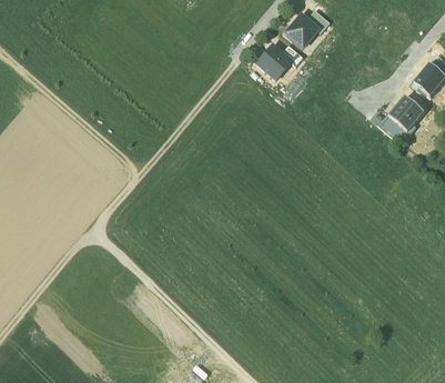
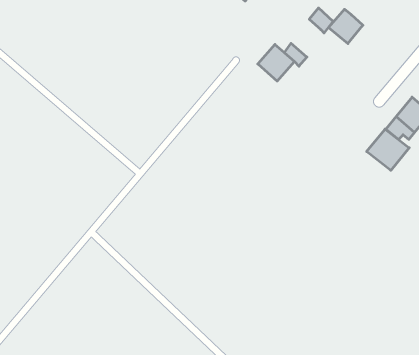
building: [283,14,316,48] -> [329,9,363,44]
building: none -> [367,129,409,170]

